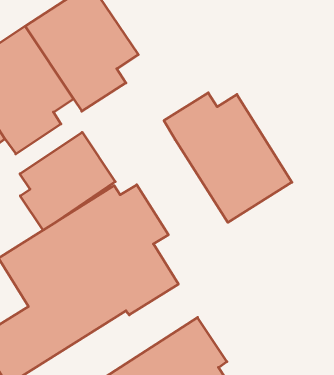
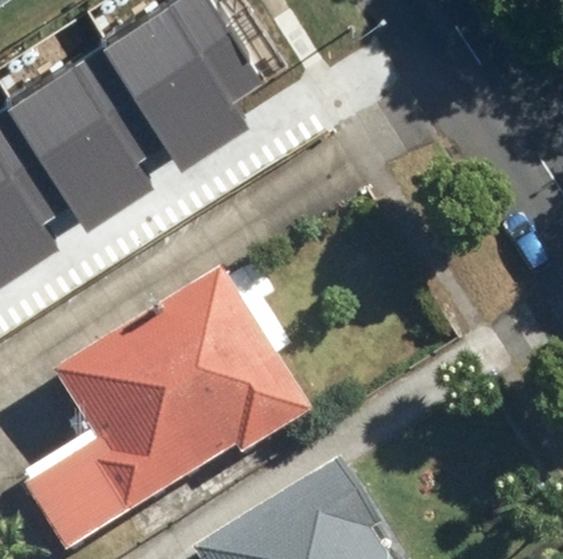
building: [164,93,292,222] -> none
building: [20,132,115,230] -> none

